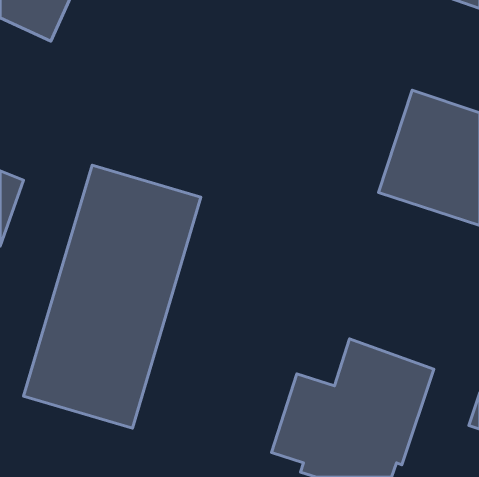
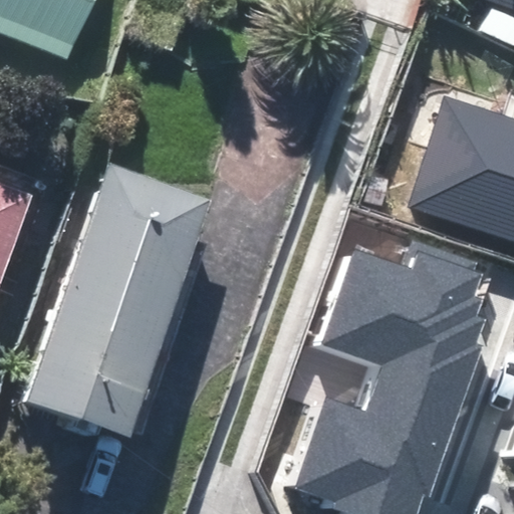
building: none -> [314,236,487,395]

